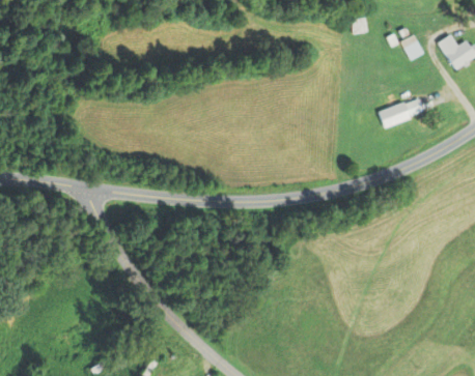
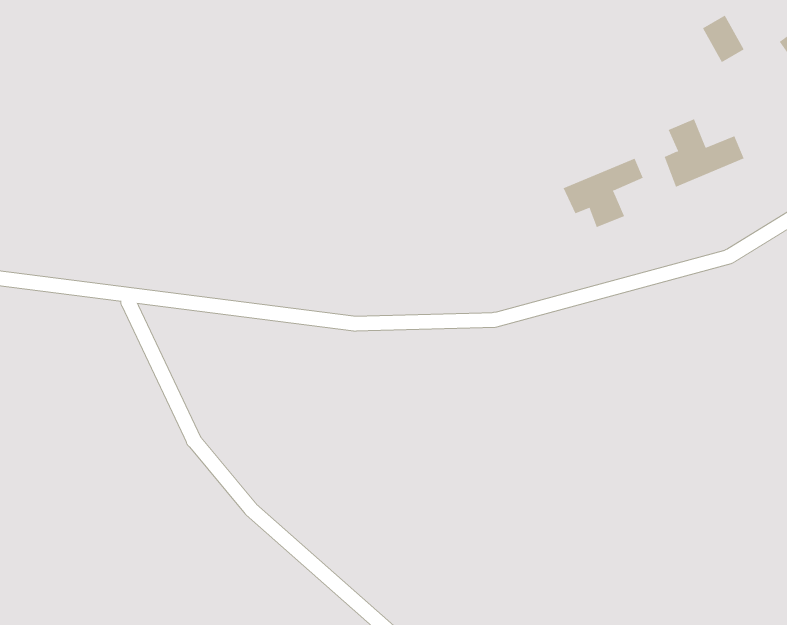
building: none -> [563,158,643,228]

